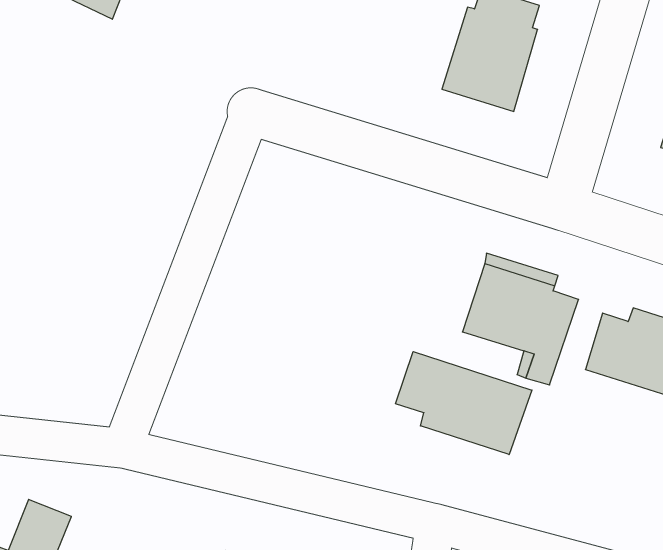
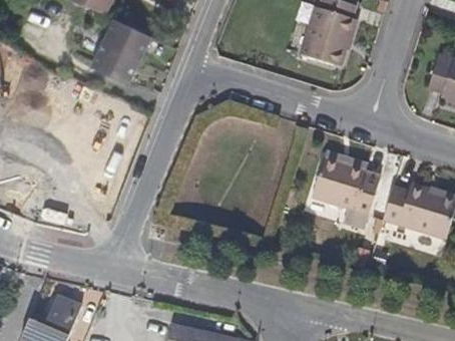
building: none -> [90,17,150,82]
building: [395,352,532,455] -> none

